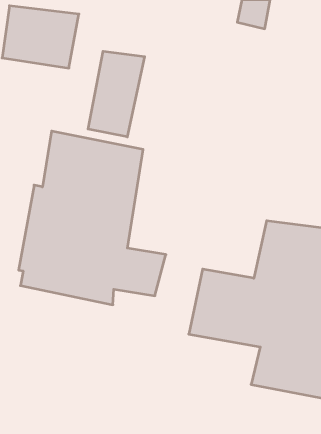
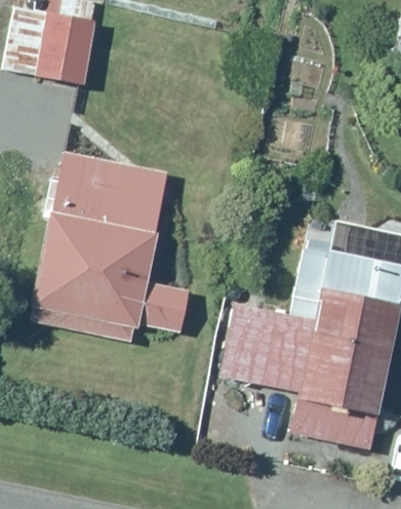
building: [88,51,145,137] -> none

